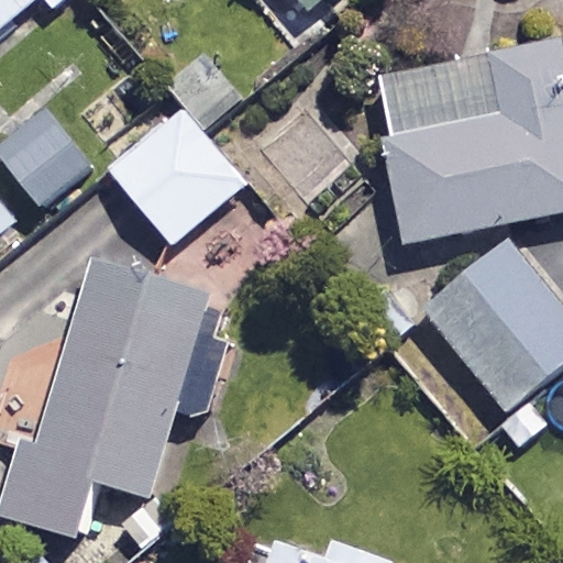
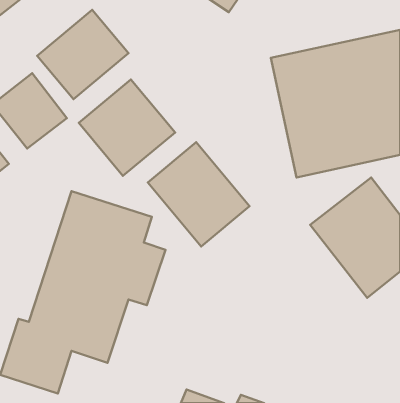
building: none -> [37,10,129,99]
building: none -> [148,142,250,246]

